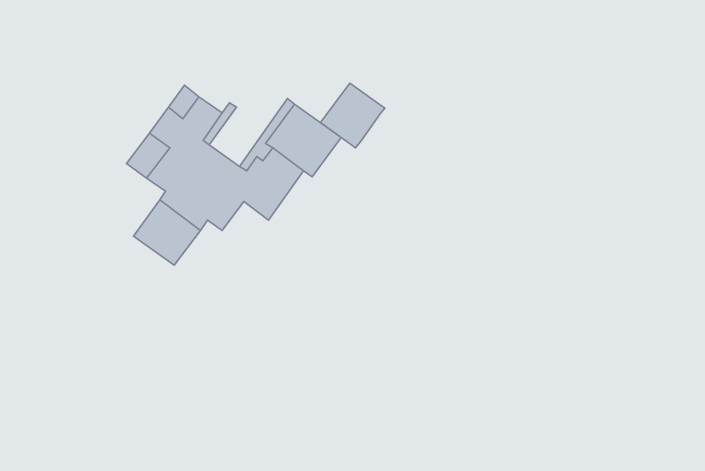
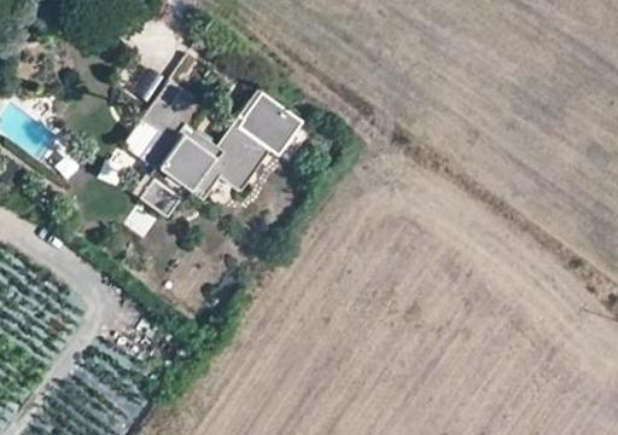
building: [320,83,385,148] -> none

